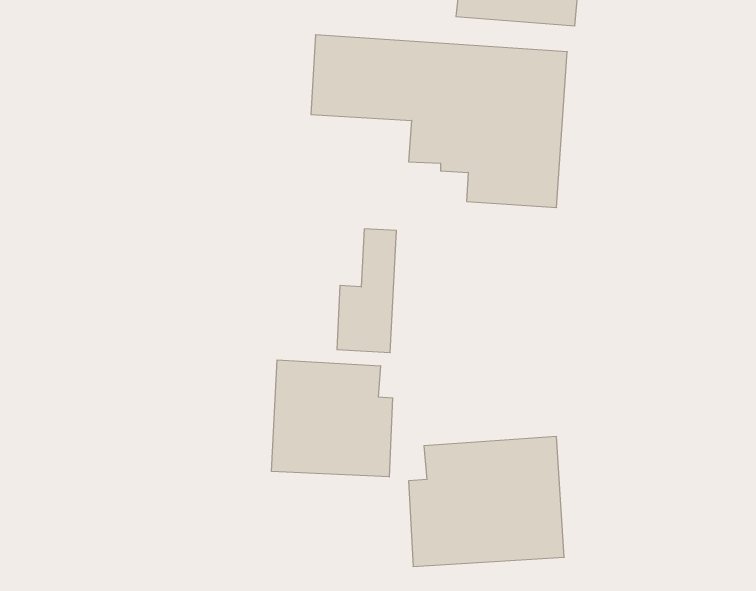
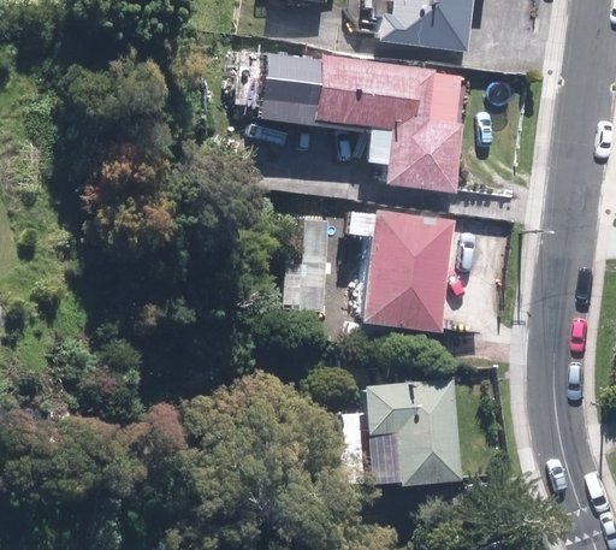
building: none -> [360,209,451,326]
building: [271,360,393,477] -> none

